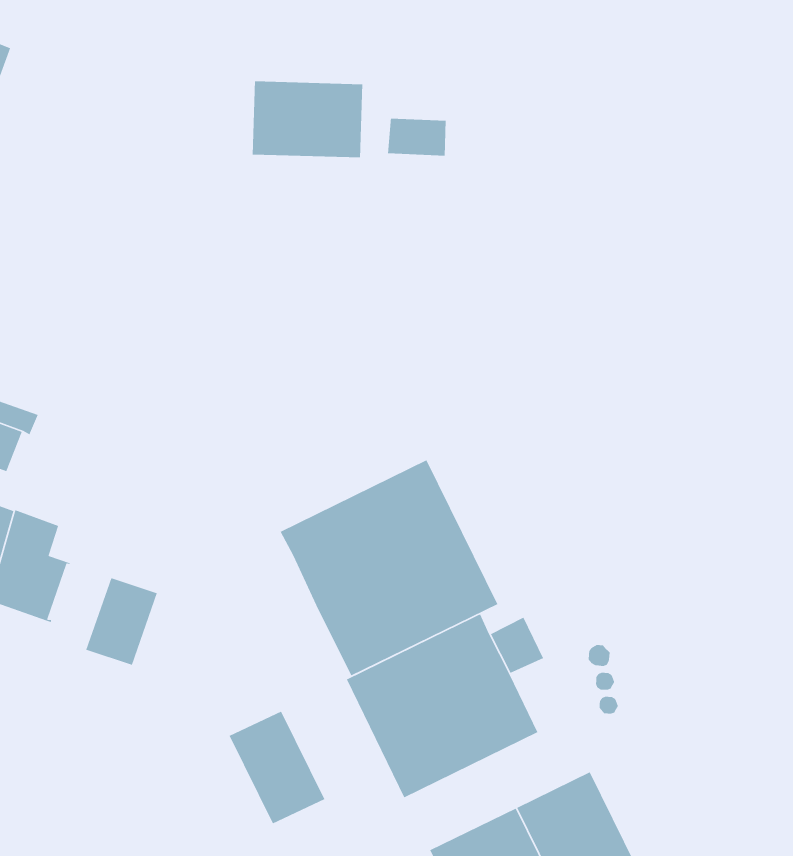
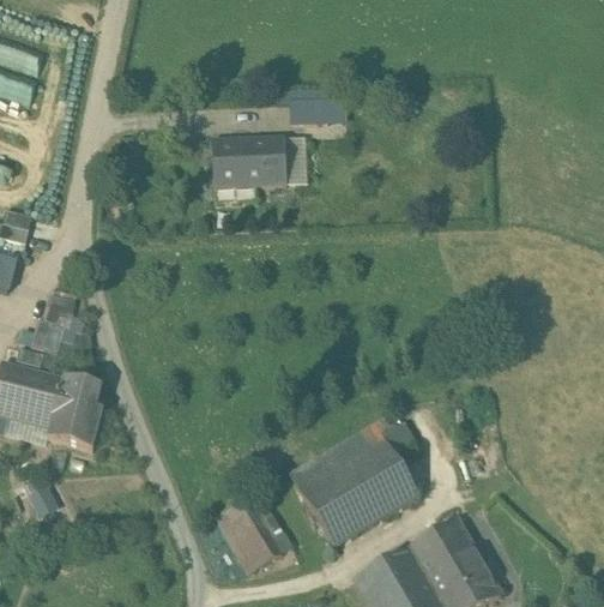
building: [252,81,363,158] -> [213,134,288,187]
building: [279,459,498,677] -> none
building: [85,577,158,666] -> none

